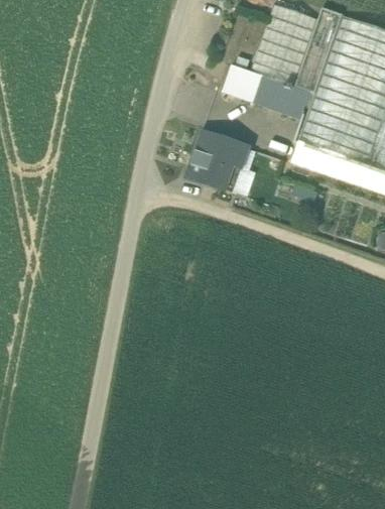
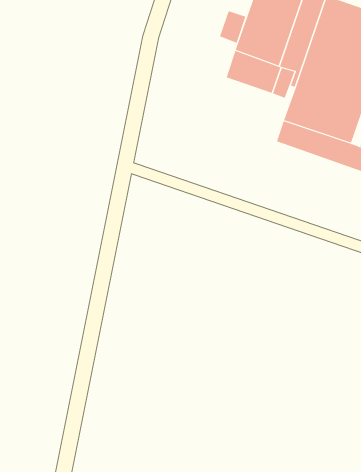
building: [223,65,250,98] -> [219,10,246,44]
building: [187,132,248,189] -> none

